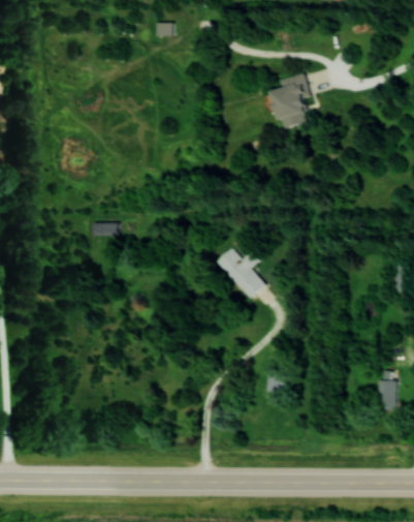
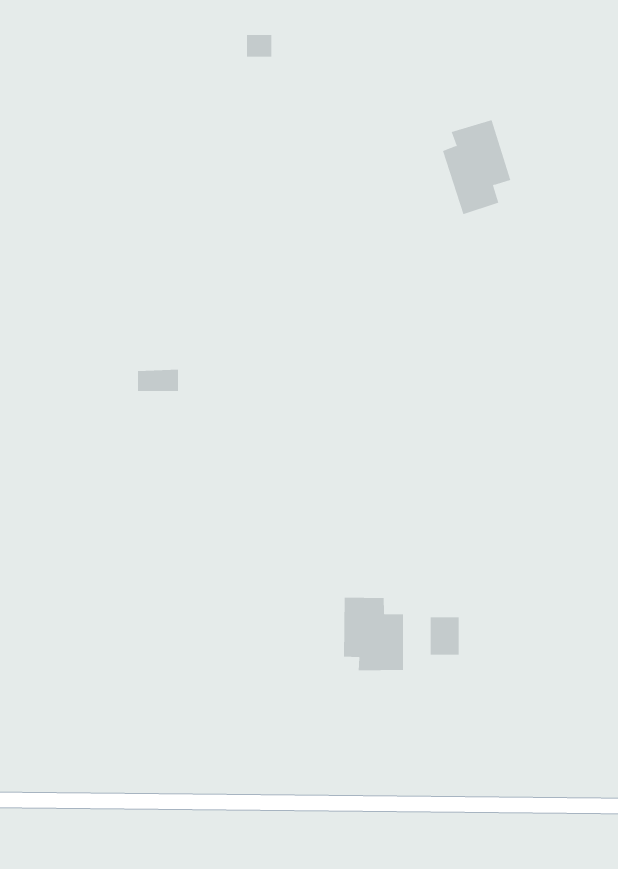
building: [216,248,264,299] -> none
building: none -> [343,597,404,671]

